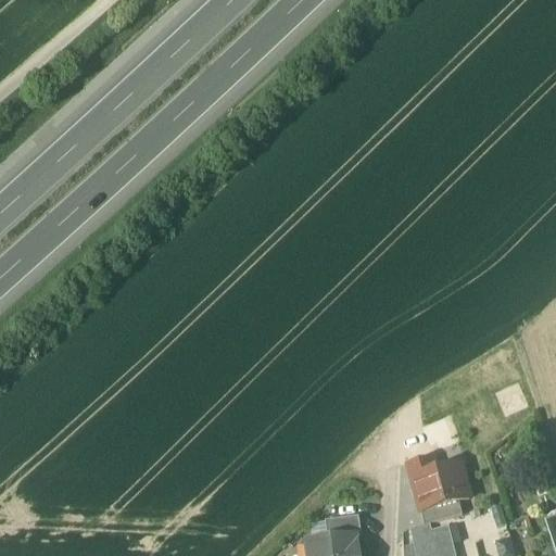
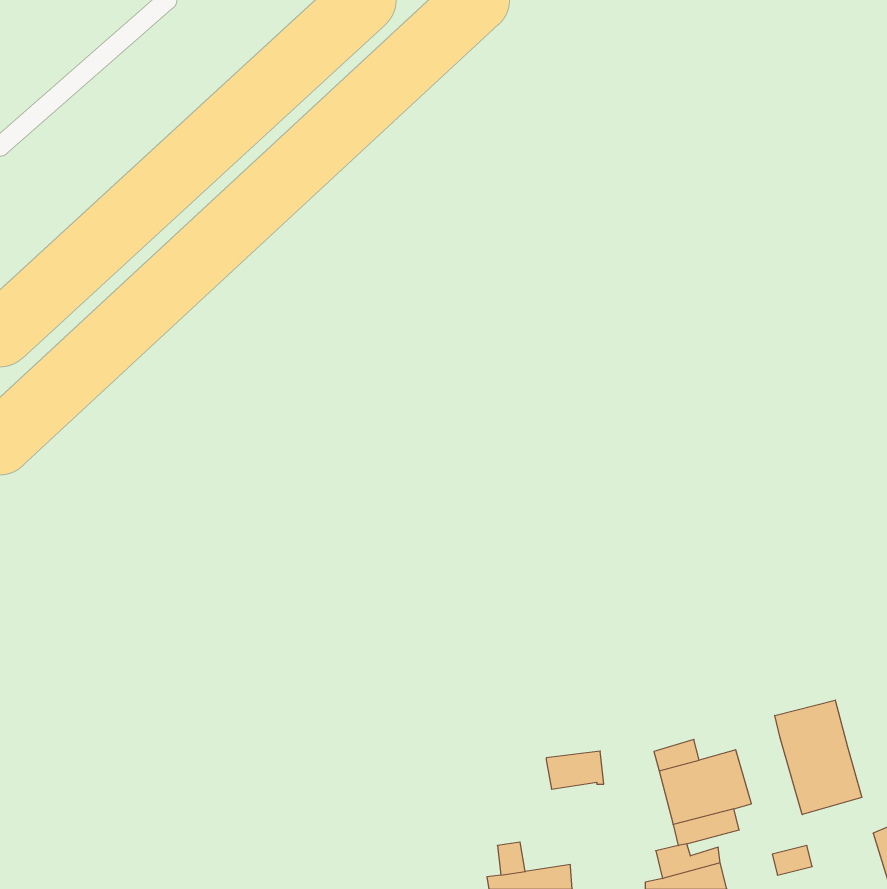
building: none -> [775,700,862,815]
building: [326,520,362,544] -> [546,751,604,789]

